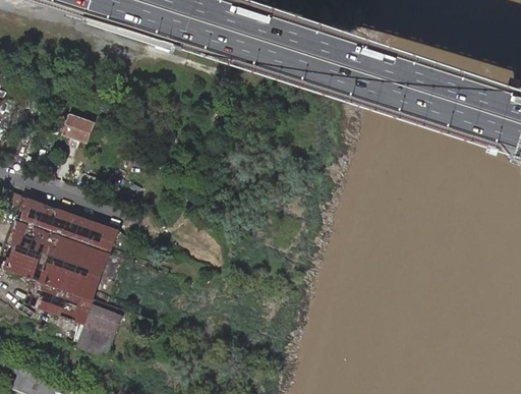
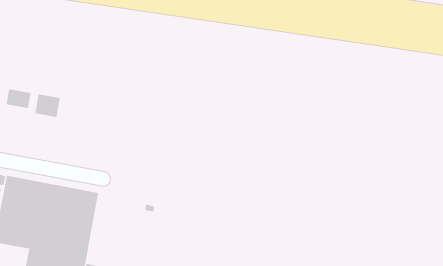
building: none -> [6,88,31,109]

